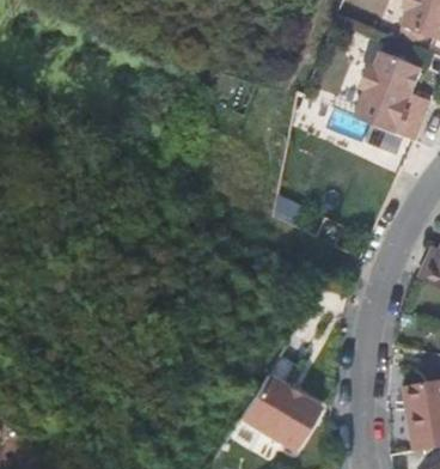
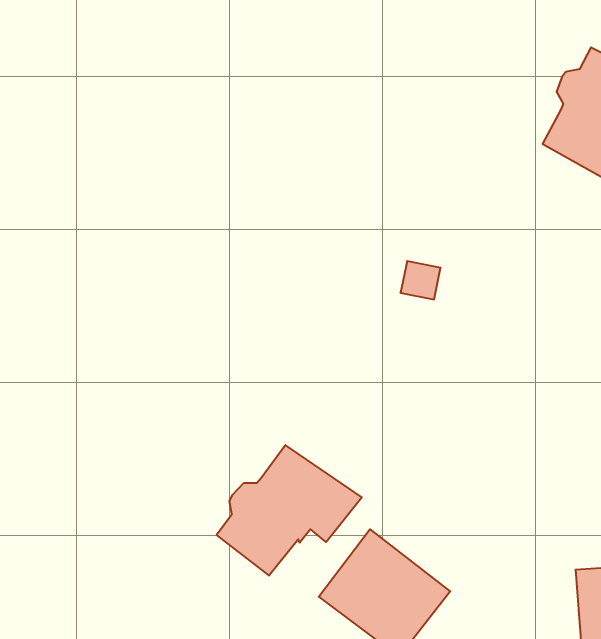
building: none -> [217,445,362,576]

